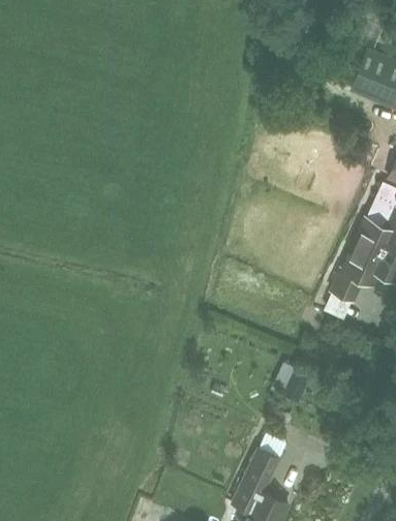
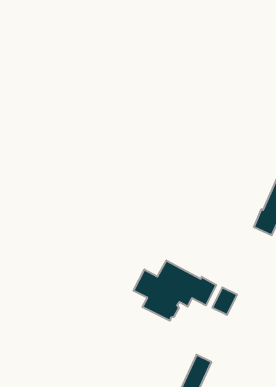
building: none -> [133,260,216,321]

